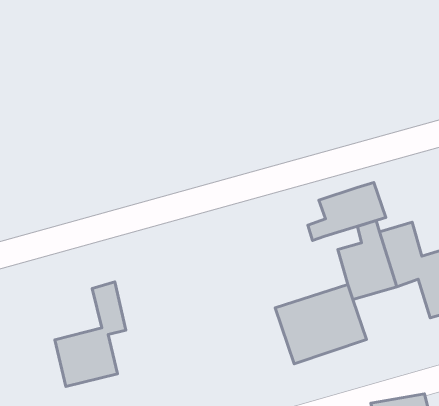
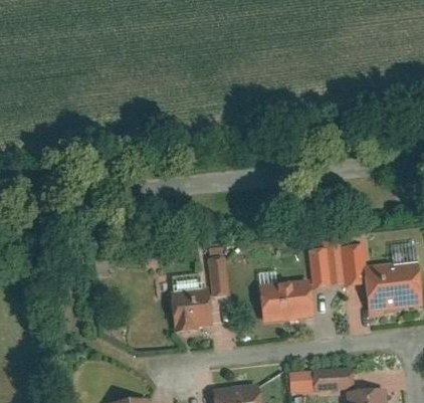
building: [308,183,386,240] -> none
building: [55,282,126,387] -> [170,257,225,331]

